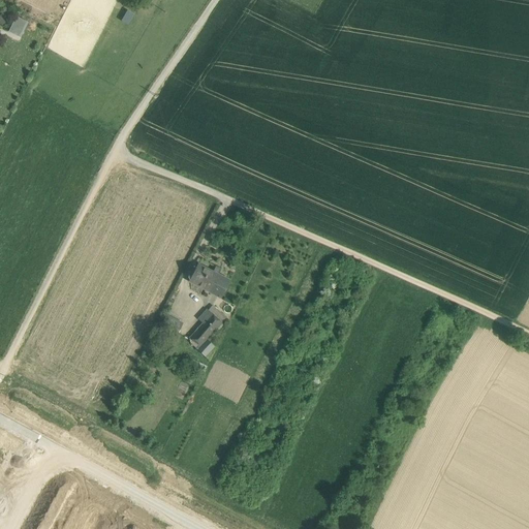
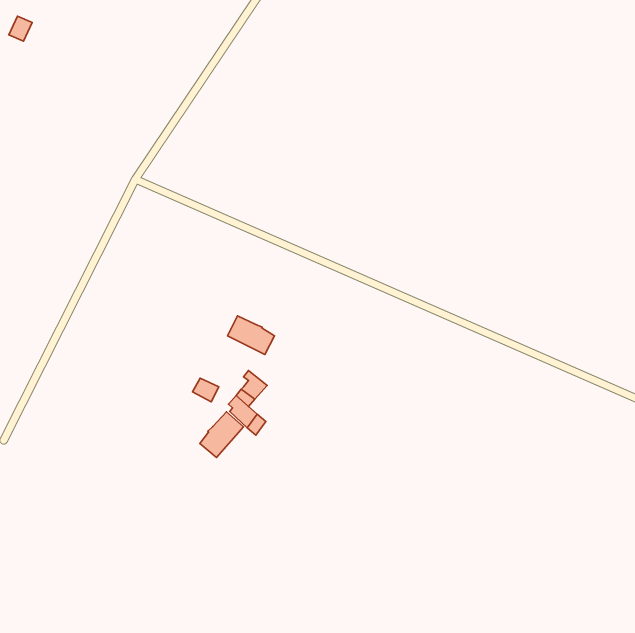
building: none -> [200,412,243,457]

